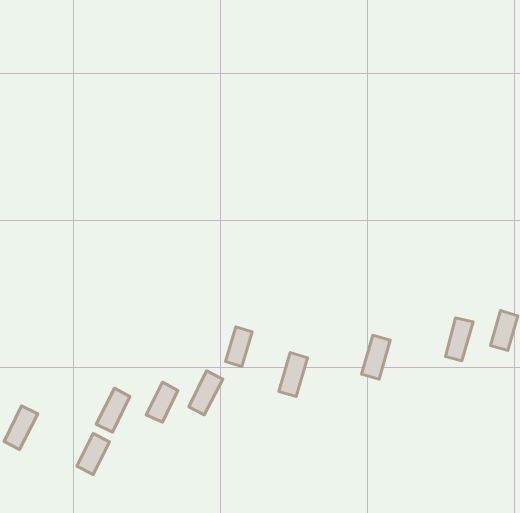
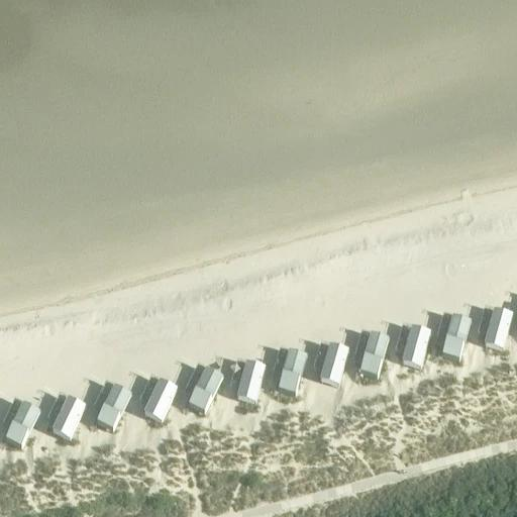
building: [226,327,252,367] -> [237,359,264,399]
building: none -> [402,324,428,364]
building: none -> [319,342,346,382]
building: [77,434,110,474] -> [51,395,84,435]

